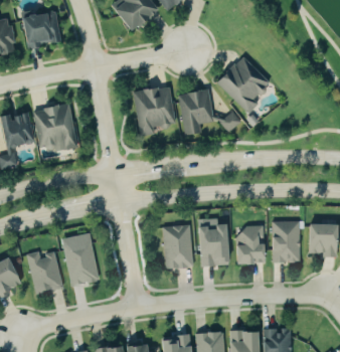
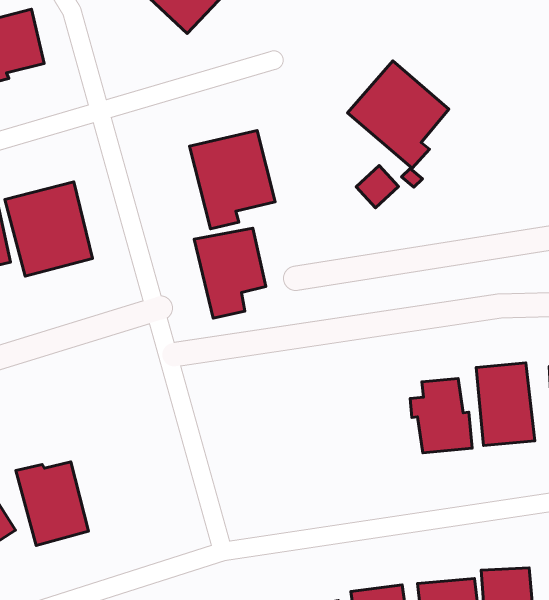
building: [177,91,212,136] -> [194,228,266,318]
building: [163,225,192,270] -> none
building: [200,225,231,267] -> none
building: [60,234,98,287] -> none

